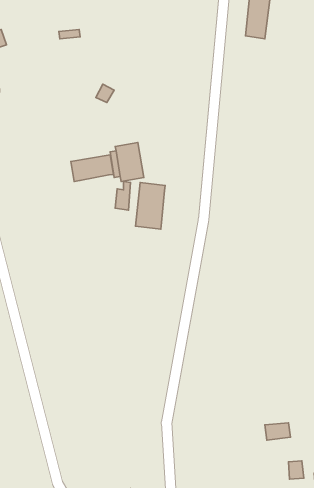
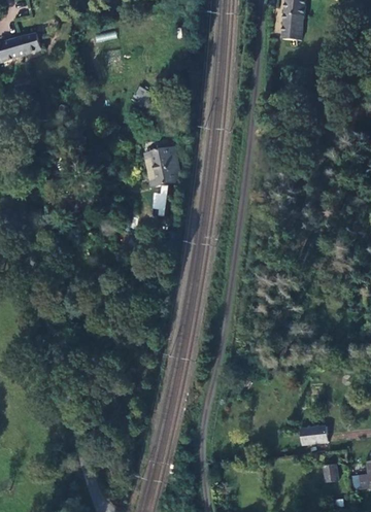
building: [71,155,114,181] -> none
building: [136,183,165,229] -> none

